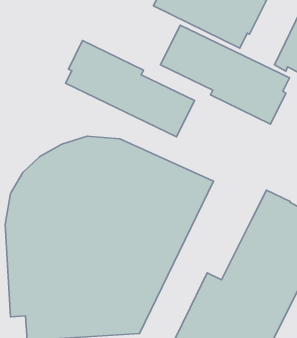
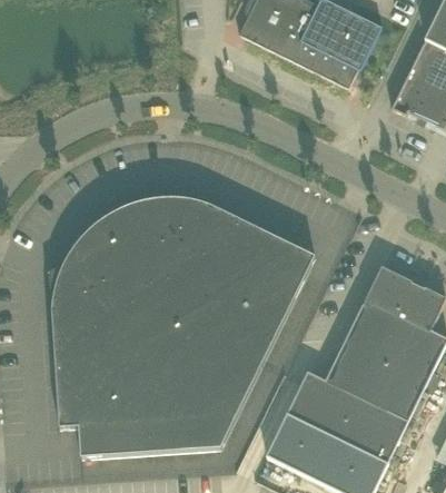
building: [160,25,290,124] -> none
building: [65,40,195,137] -> none

